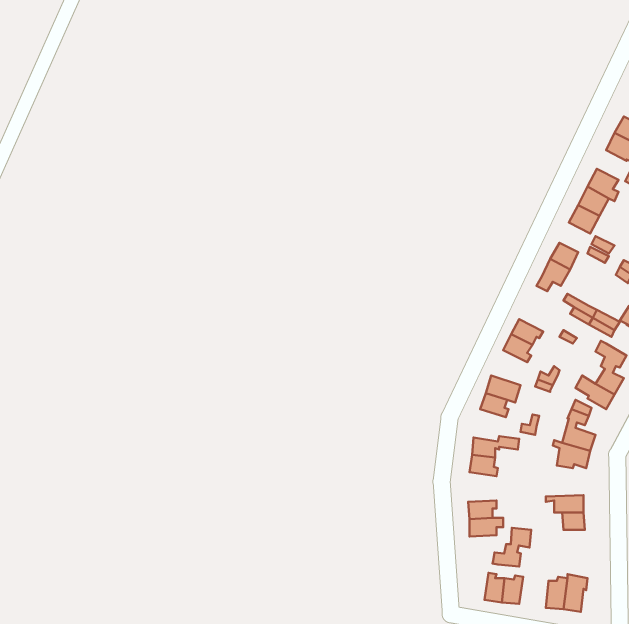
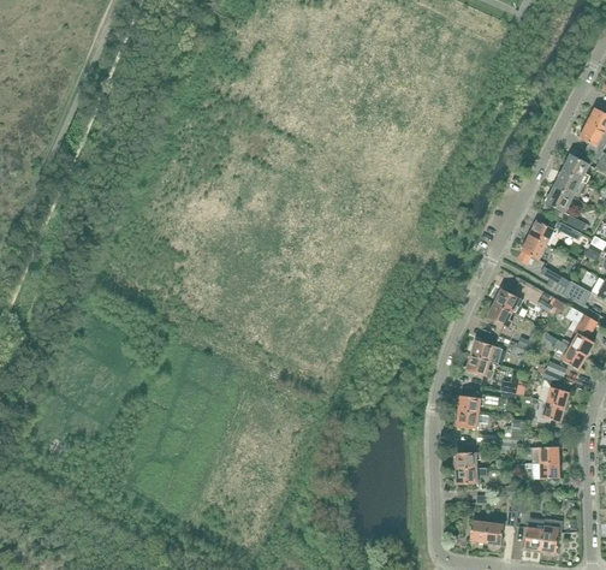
building: [493,528,531,566] -> none

